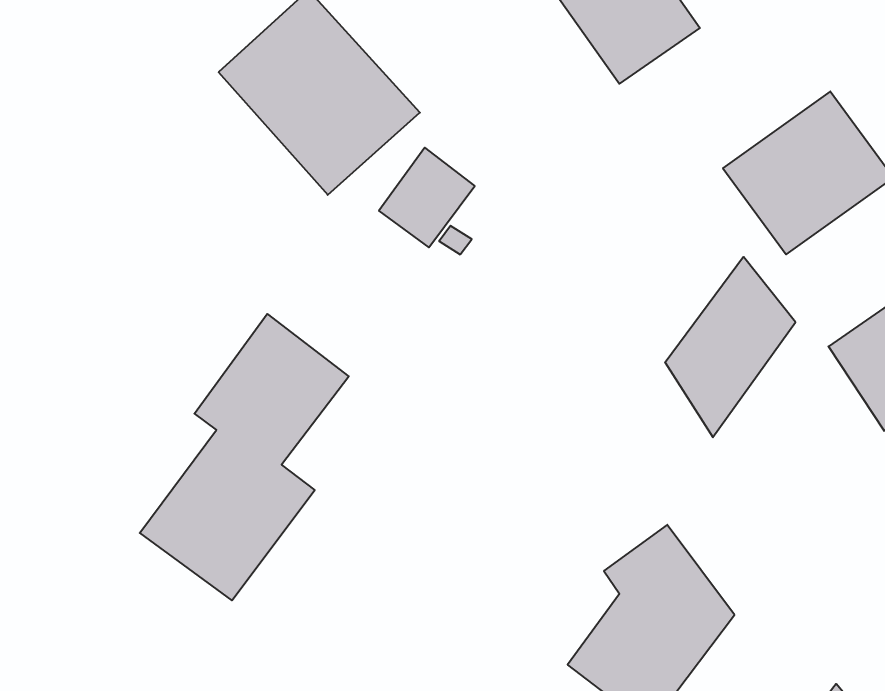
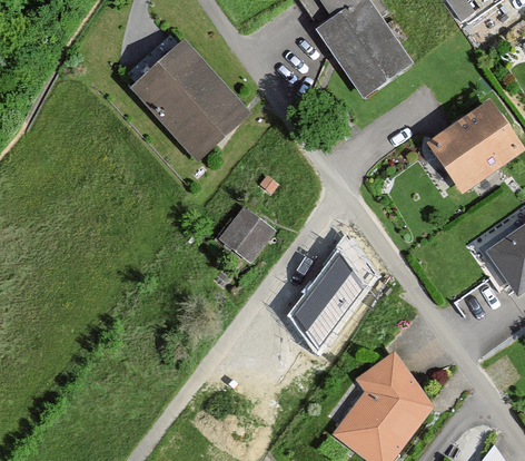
building: [379,148,475,247] -> [214,206,269,264]
building: [665,257,795,437] -> [290,247,366,352]
building: [140,314,349,600] -> none

